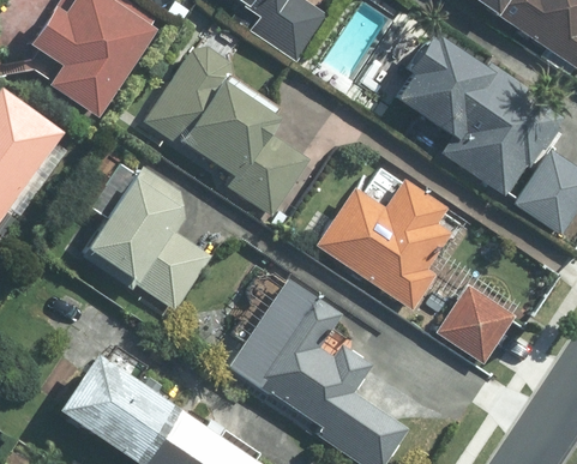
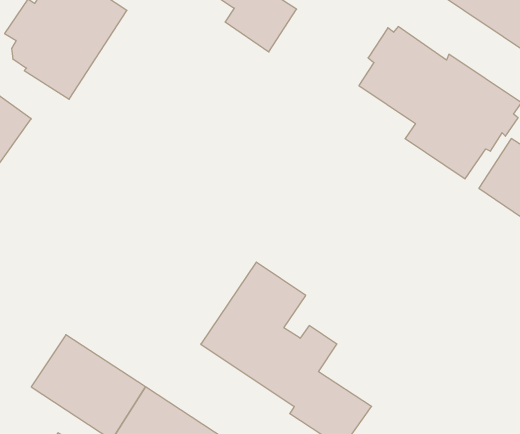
building: [146,47,309,215] -> none
building: [84,170,210,308] -> none
building: [317,181,450,308] -> none
building: [439,287,515,362] -> none

